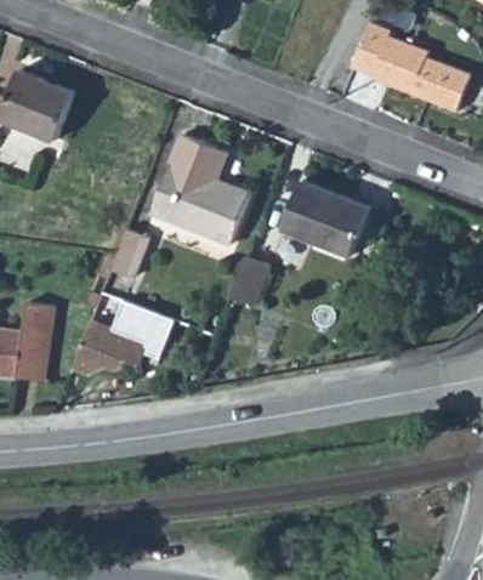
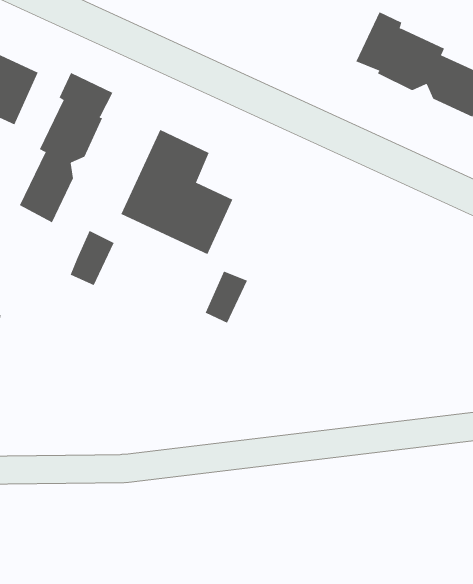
building: none -> [19,72,113,223]
building: [283,181,369,255] -> none
building: [72,300,175,374] -> none

